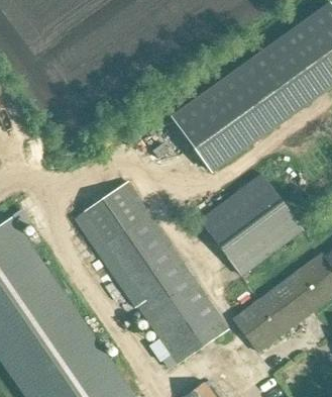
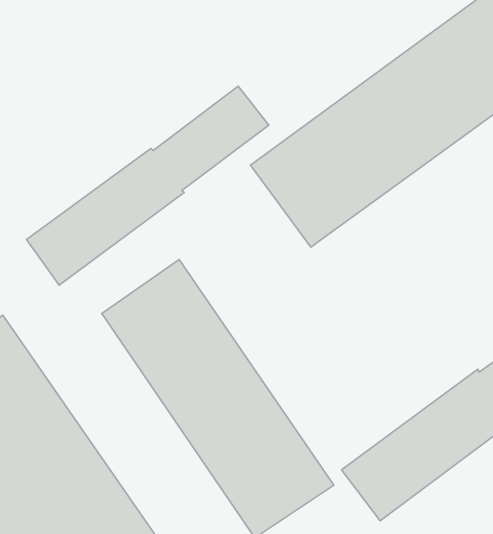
building: none -> [26,86,269,285]
building: [200,175,302,276] -> none

